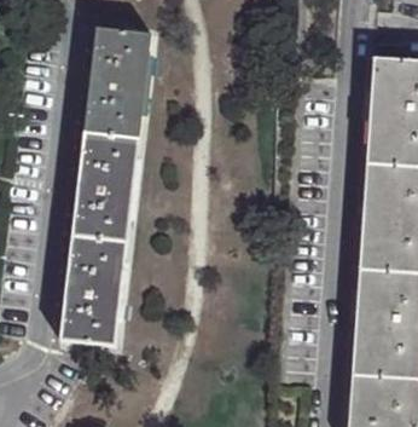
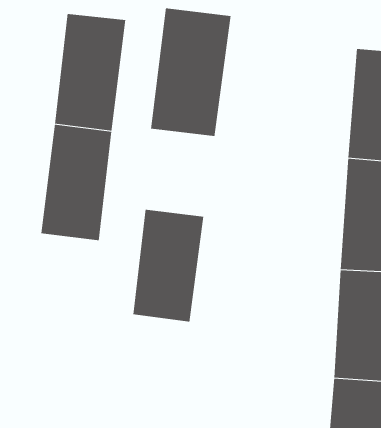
building: none -> [151,7,231,137]
building: [58,236,127,345] -> [132,209,204,322]

